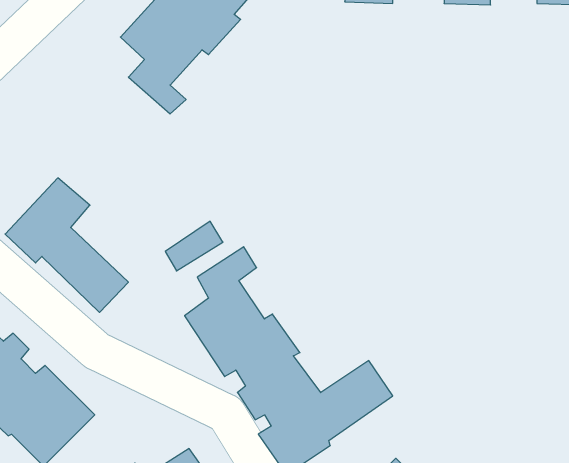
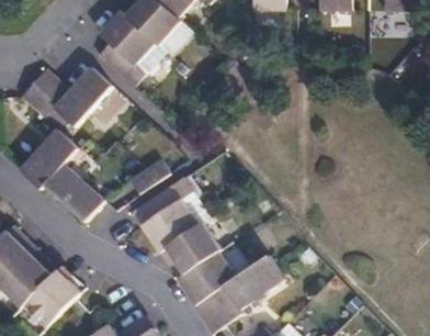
building: none -> [21,66,113,126]

